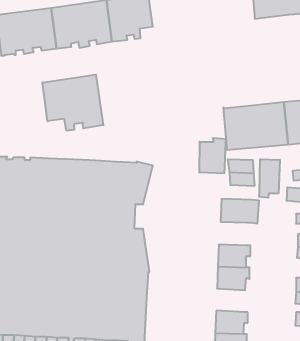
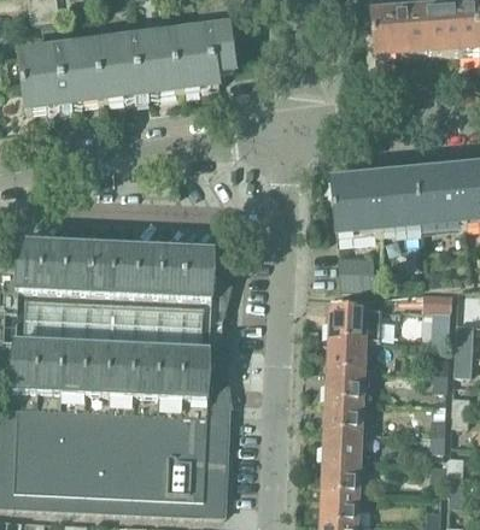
building: [42,75,103,131] -> none
building: [199,138,226,173] -> none
building: [259,159,280,198] -> none
building: none -> [326,332,370,365]
building: none -> [322,424,367,457]

